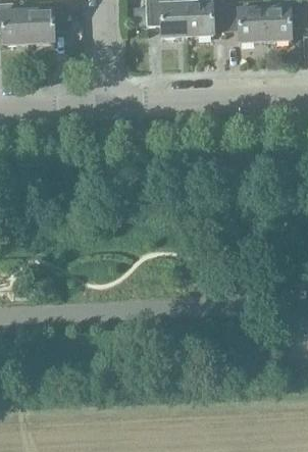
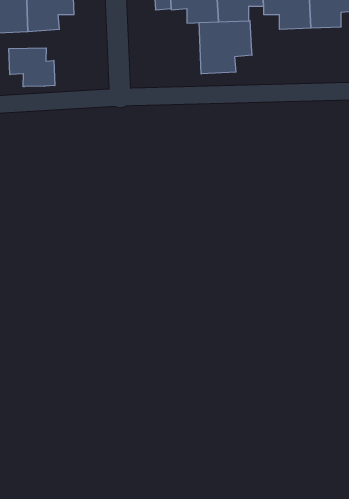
building: none -> [199,21,252,74]
building: none -> [9,48,55,87]

